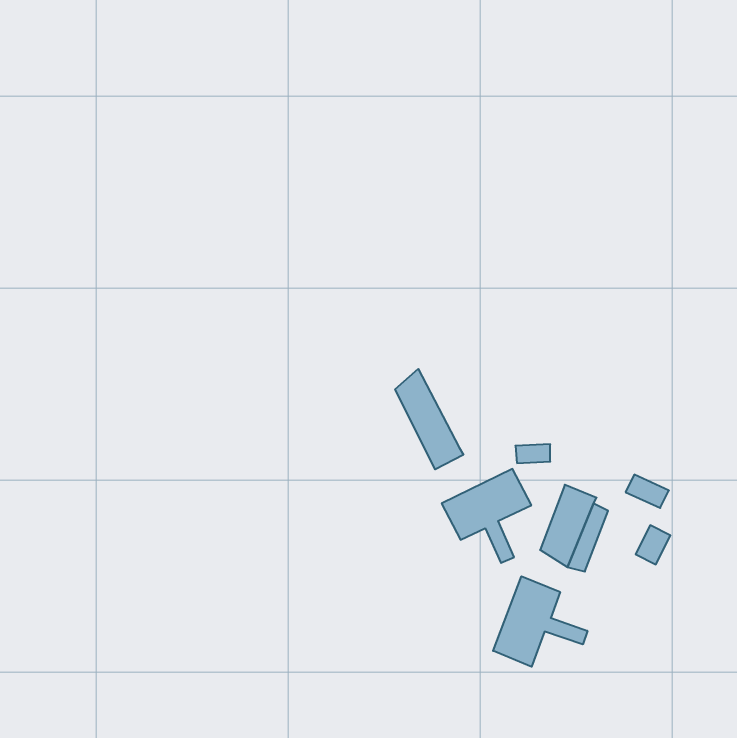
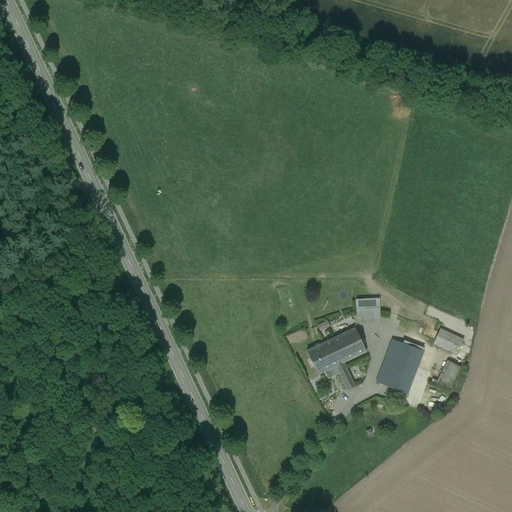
building: [395,369,463,469] -> none
building: [493,576,587,667] -> none

